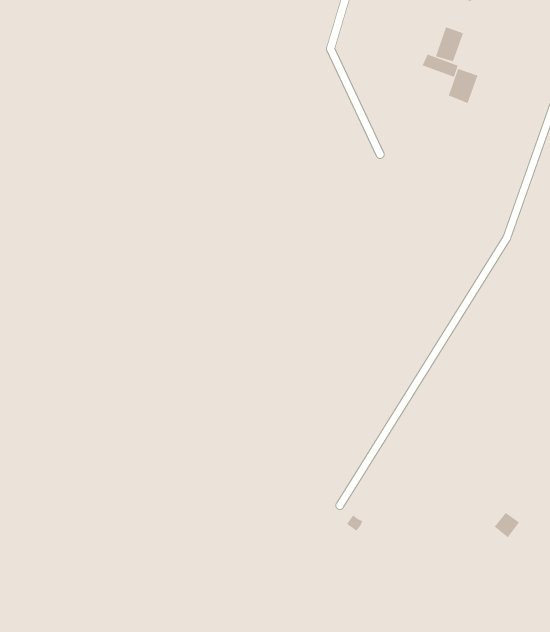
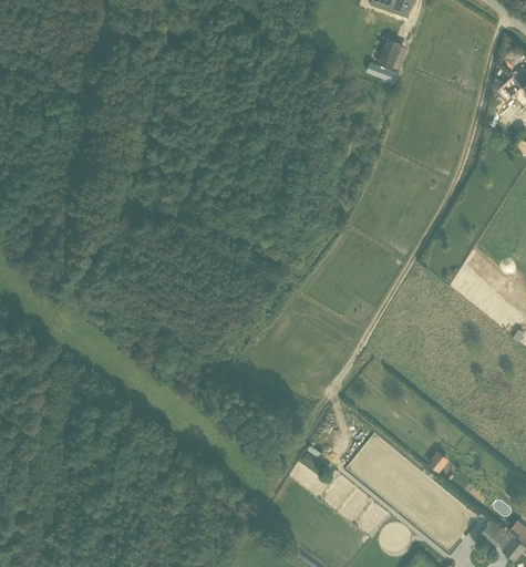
building: [448,68,478,104] -> none

